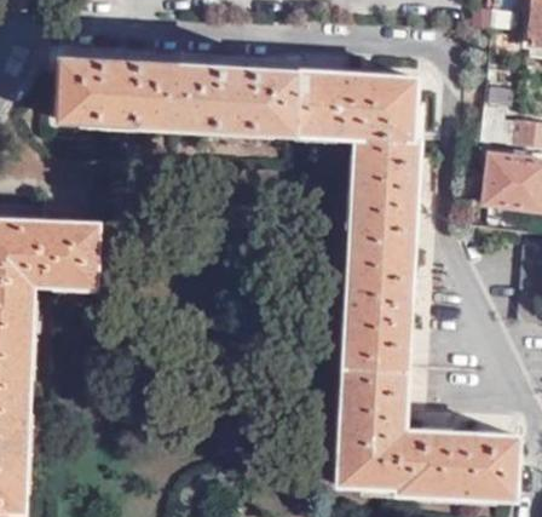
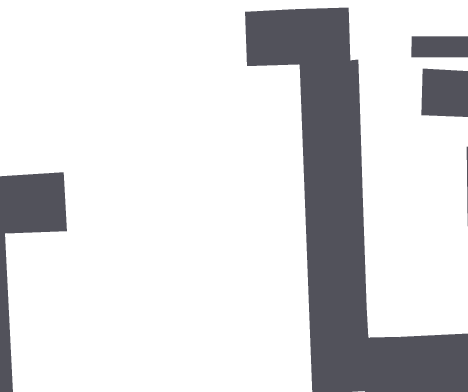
building: [60,58,304,132] -> none

